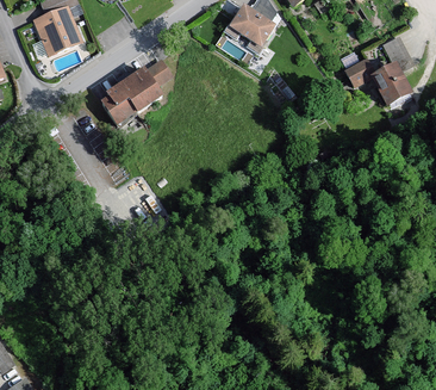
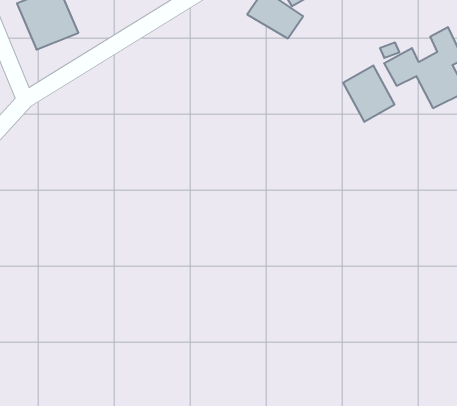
building: [101,60,170,125] -> none
building: none -> [343,65,394,122]

